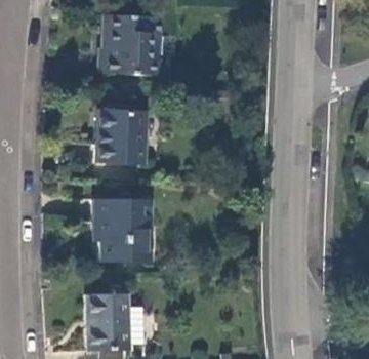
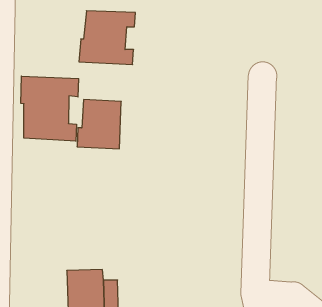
building: none -> [21,76,79,141]
building: [91,199,151,262] -> none

